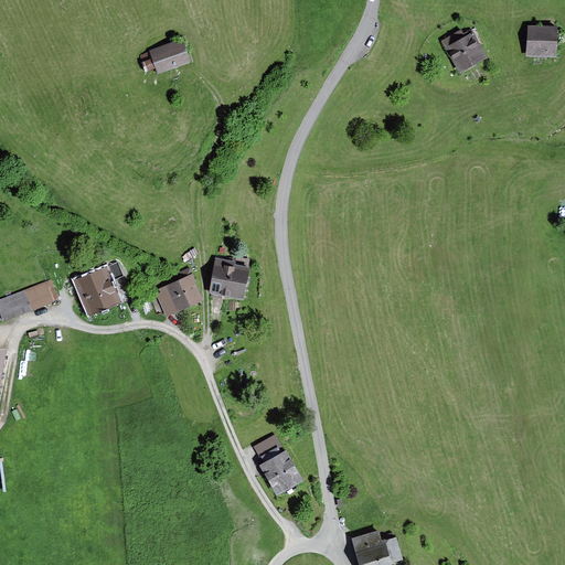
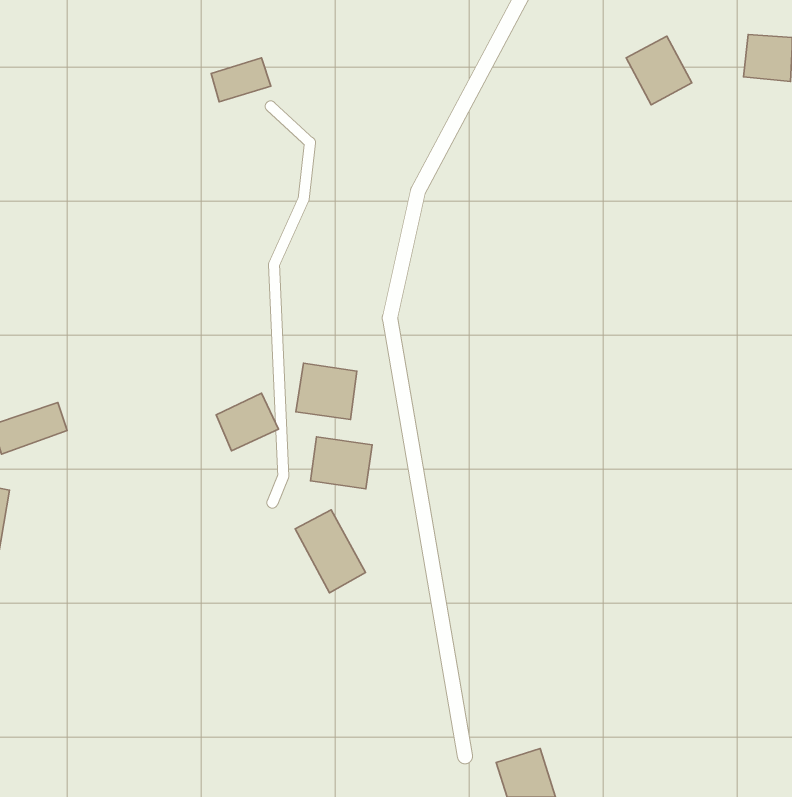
building: [75,268,119,313] -> none
building: none -> [310,437,372,489]
building: [252,434,301,492] -> [295,510,366,593]

